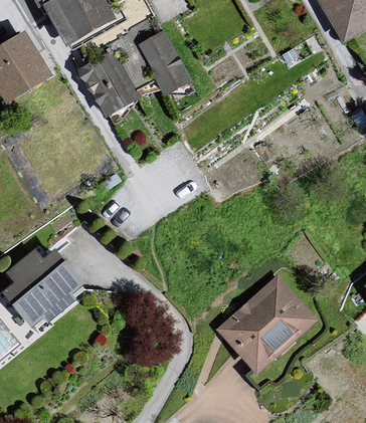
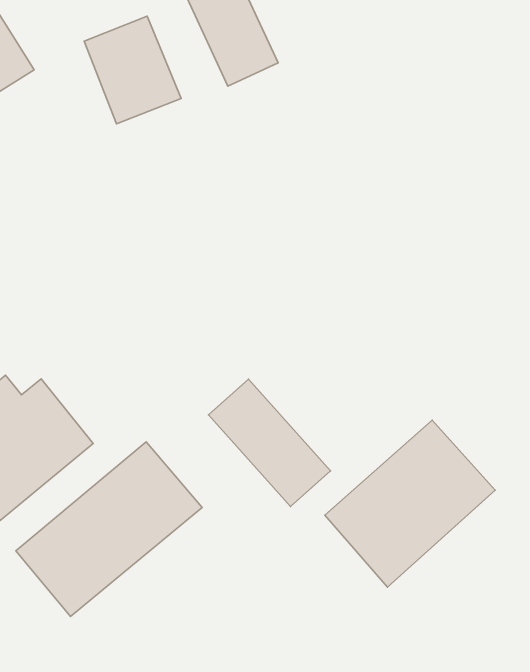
building: none -> [208,379,331,506]
building: none -> [16,442,202,617]

